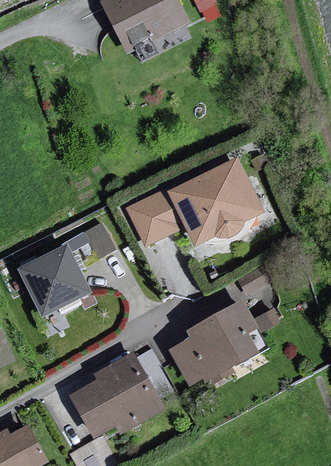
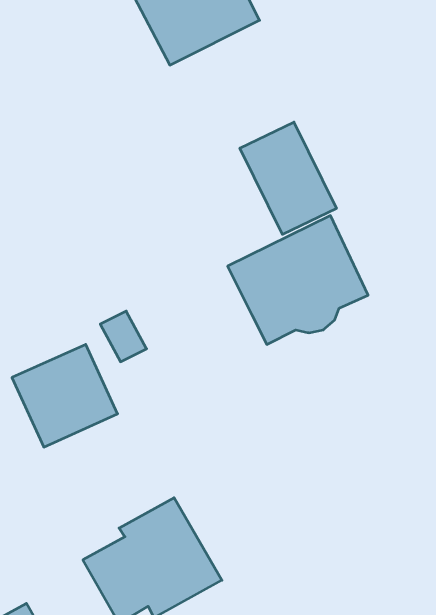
building: none -> [240,122,336,234]
building: [122,184,185,245] -> none
building: [168,299,277,386] -> none

